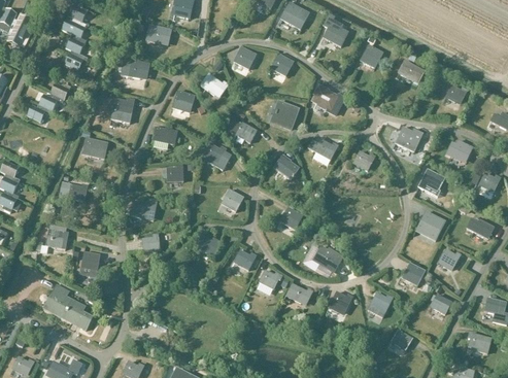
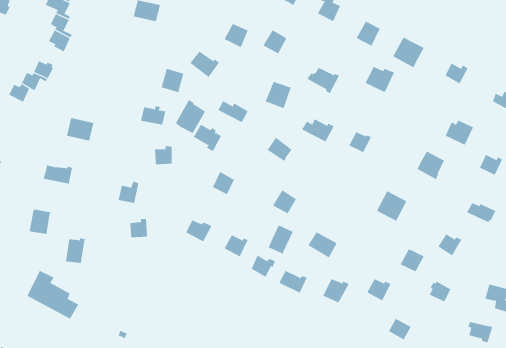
building: [122,58,149,79] -> none
building: [110,97,135,123] -> none
building: none -> [175,99,206,134]
building: [395,127,424,152] -> [365,66,395,93]
building: [415,211,445,241] -> [376,191,407,222]
building: none -> [268,225,293,255]

